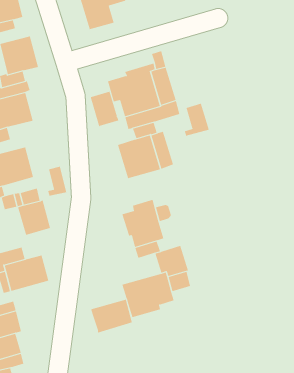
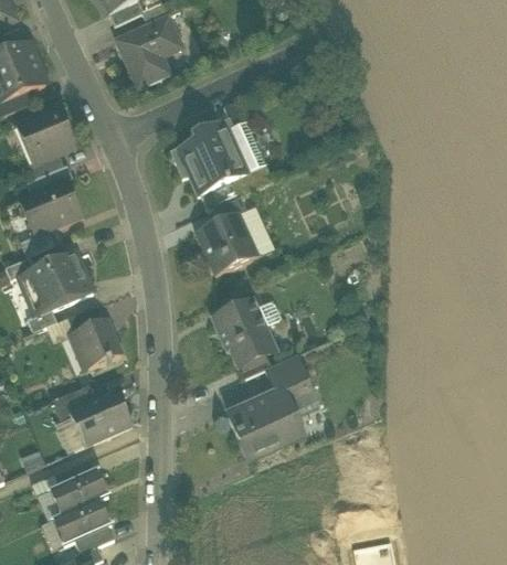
building: [89,91,119,128] -> none
building: [184,103,210,137] -> none
building: [48,166,67,196] -> none
building: [90,299,133,333] -> none

